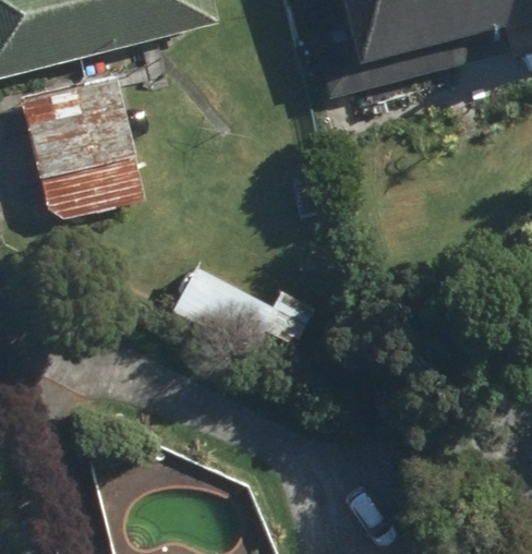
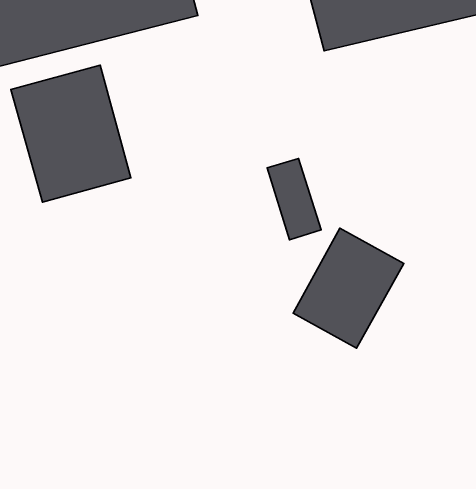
building: none -> [293,228,404,348]
building: [173,266,323,351] -> none

